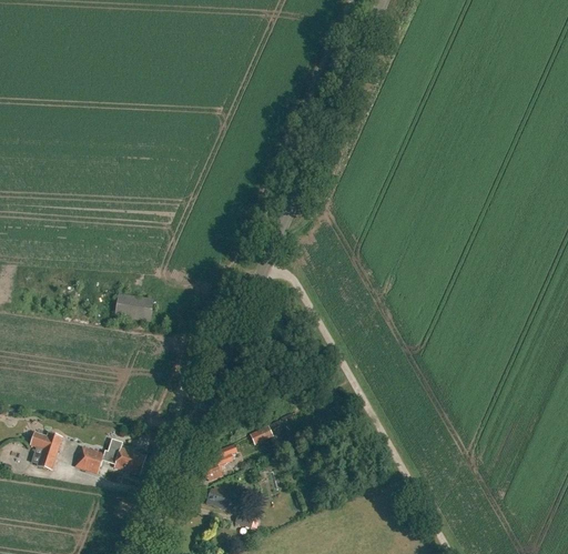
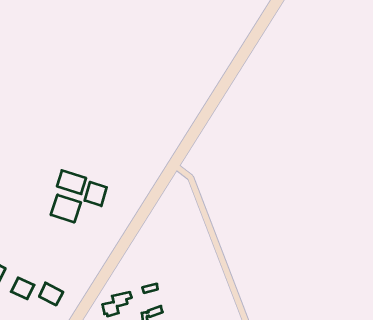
building: none -> [85,182,107,206]
building: none -> [51,195,81,222]

